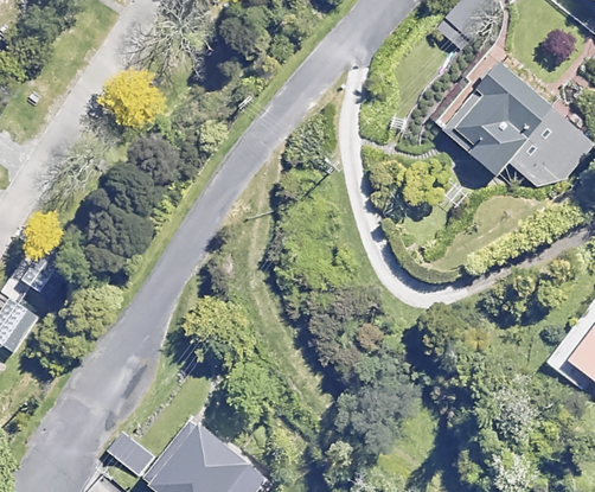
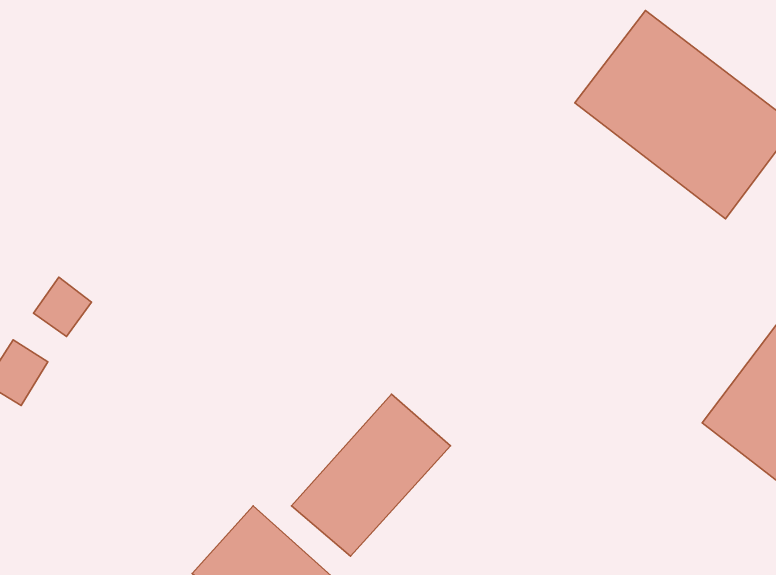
building: none -> [291,394,451,556]

